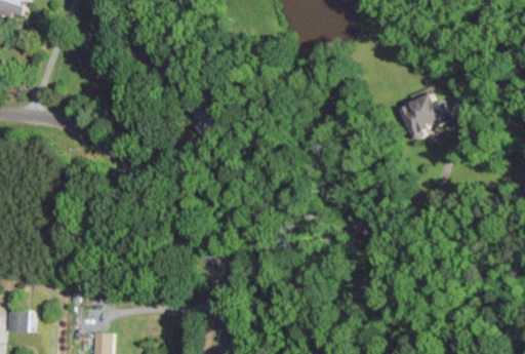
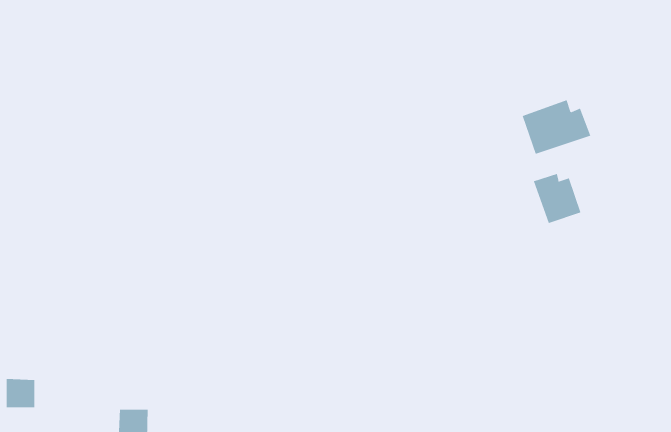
building: none -> [533,173,581,224]

